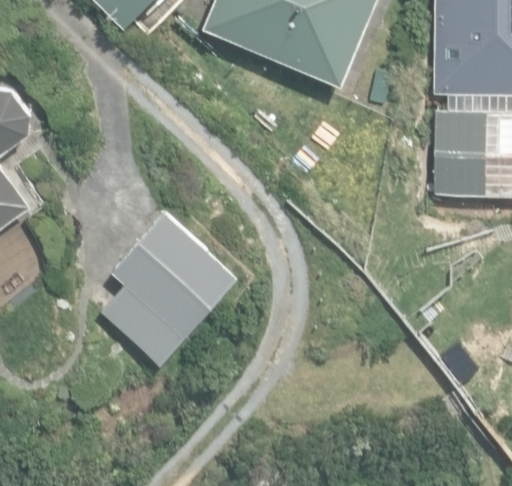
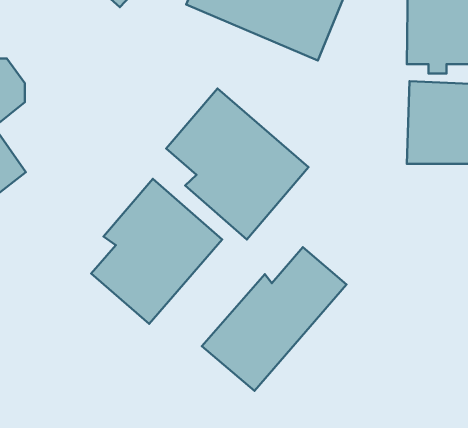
building: none -> [166,89,308,239]
building: none -> [202,247,346,391]

